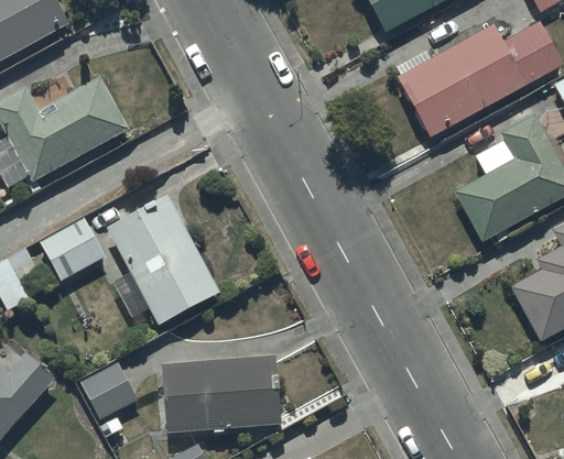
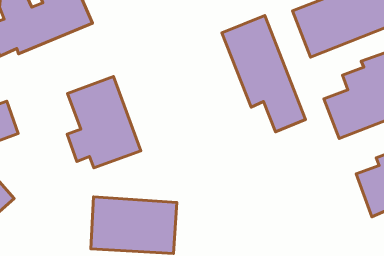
building: none -> [222,15,305,132]
building: [41,219,105,280] -> none
building: [78,362,139,422] -> none

